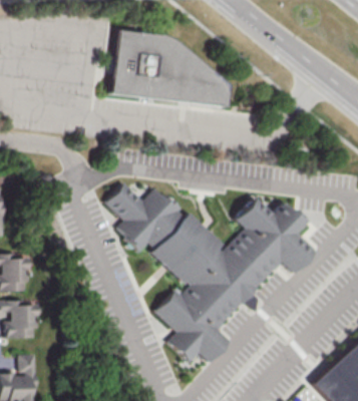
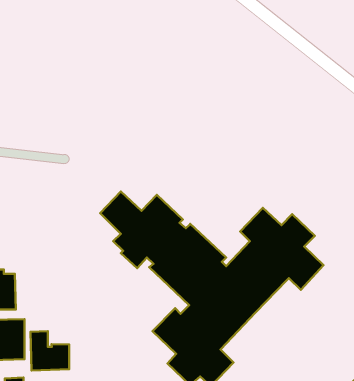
building: [111,30,229,107] -> none
building: none -> [31,331,69,371]

